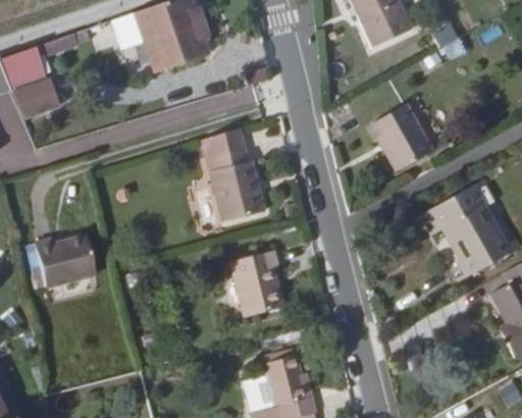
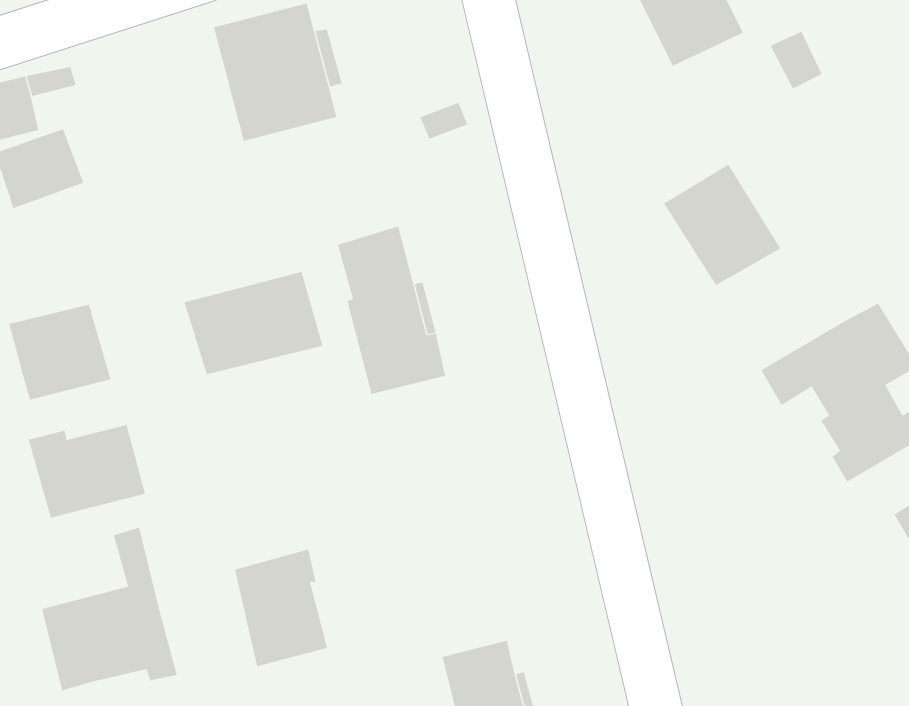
building: none -> [184,271,323,375]
building: none -> [9,304,111,401]
building: [228,254,279,318] -> [234,549,328,667]
building: none -> [41,527,177,691]

